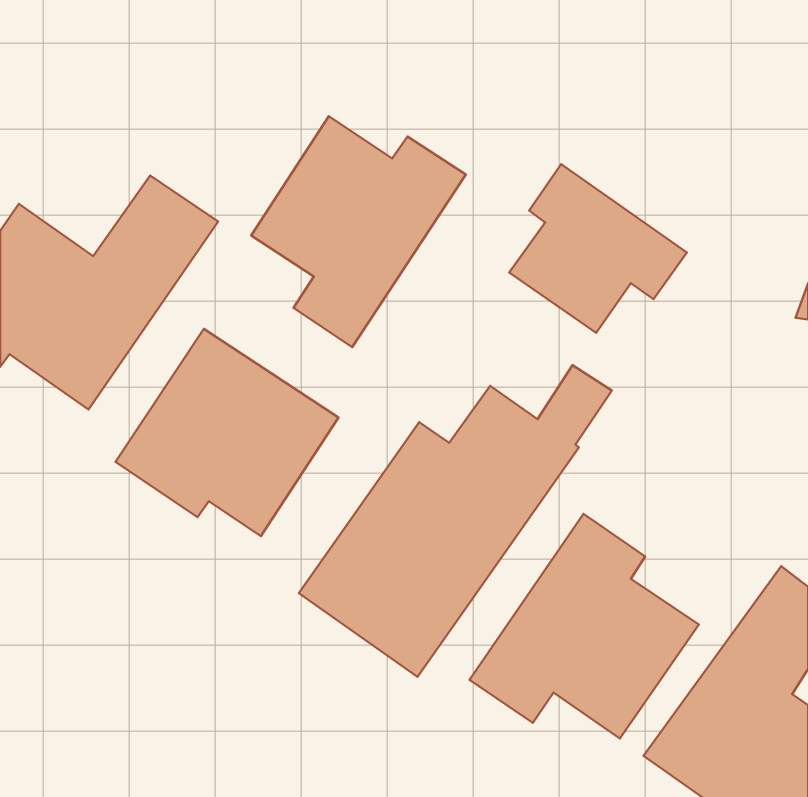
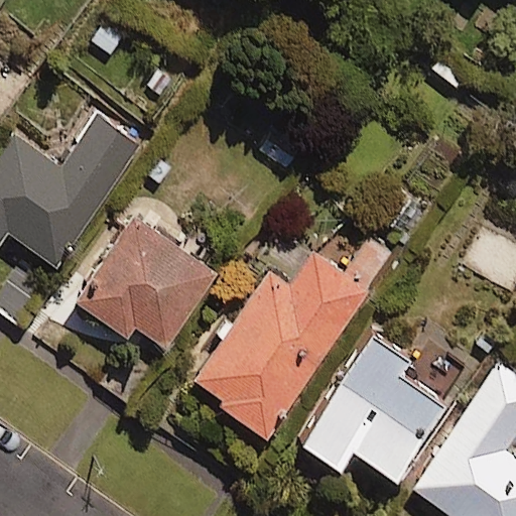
building: [251,116,466,347] -> none
building: [509,164,687,333] -> none

